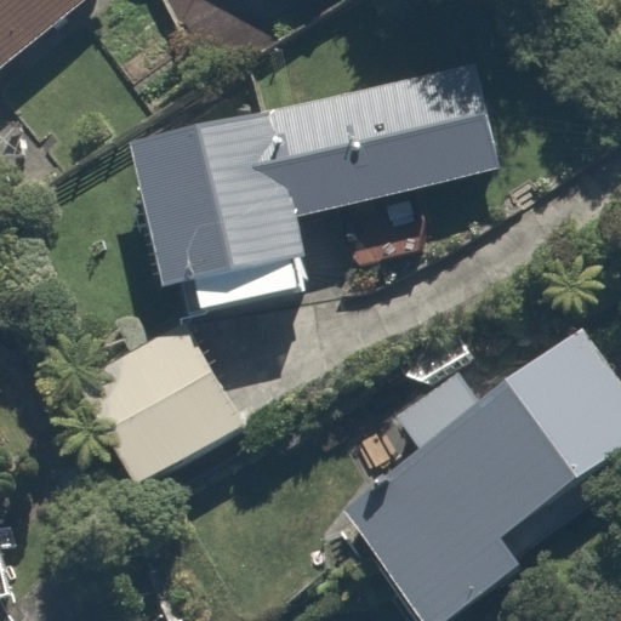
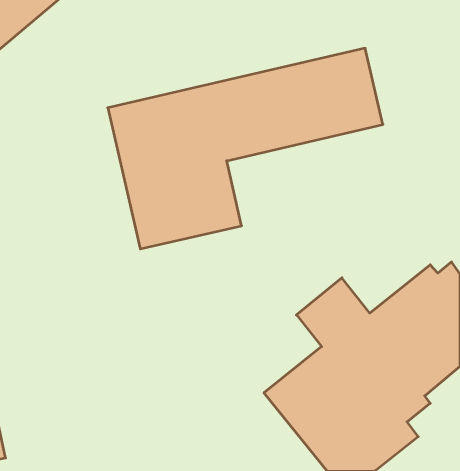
building: [74,320,239,488] -> none

